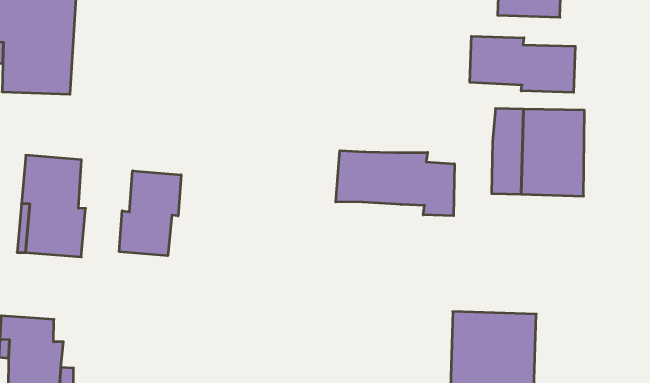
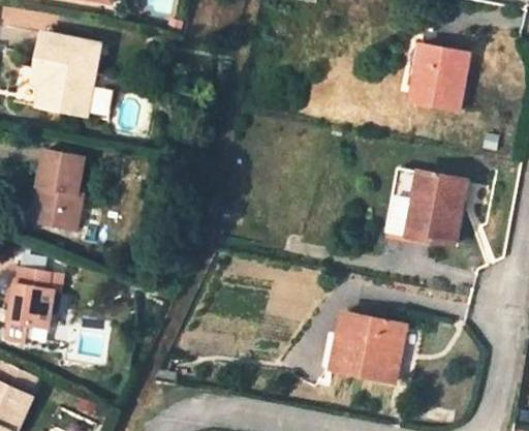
building: [470,36,575,92] -> none
building: [336,151,454,216] -> none
building: [119,171,181,256] -> none

